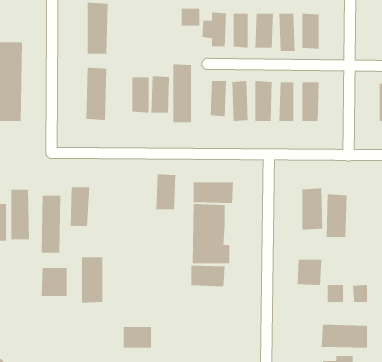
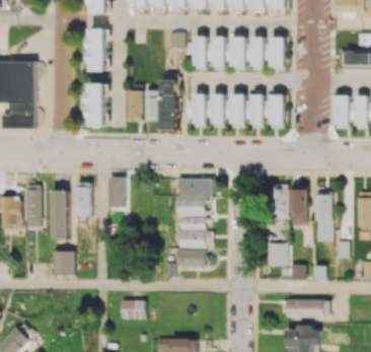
building: [156,174,176,210] -> [107,177,125,207]
building: none -> [314,192,332,240]
building: [81,257,103,304] -> none

